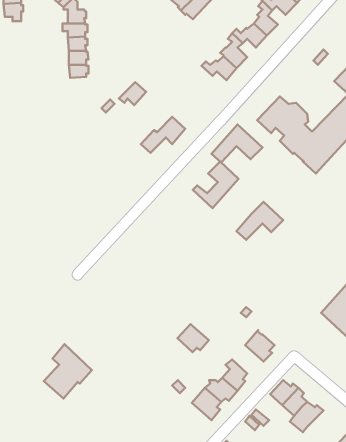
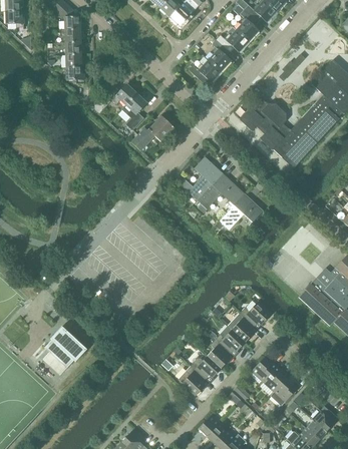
building: none -> [122,93,147,130]
building: [211,125,263,163] -> [199,173,246,208]
building: none -> [240,304,271,327]
building: [177,324,209,352] -> [217,327,246,353]

